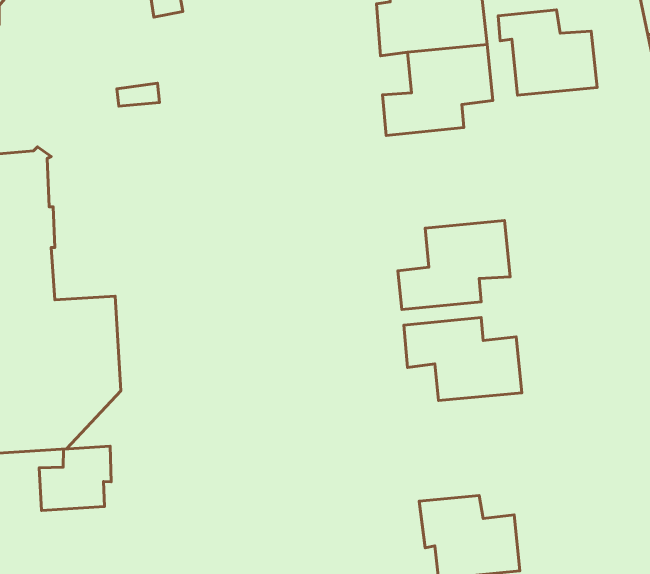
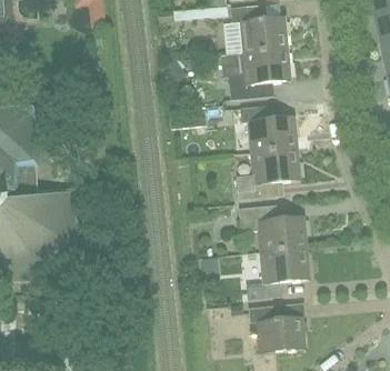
building: [498,10,597,95] -> [240,103,297,152]
building: none -> [246,247,310,299]
building: [39,446,111,510] -> none

